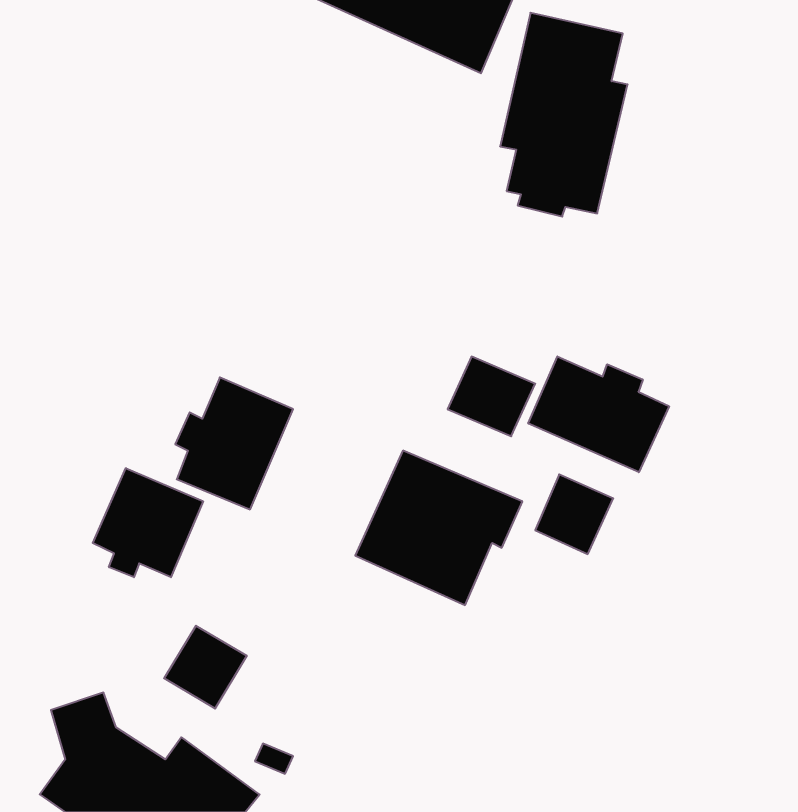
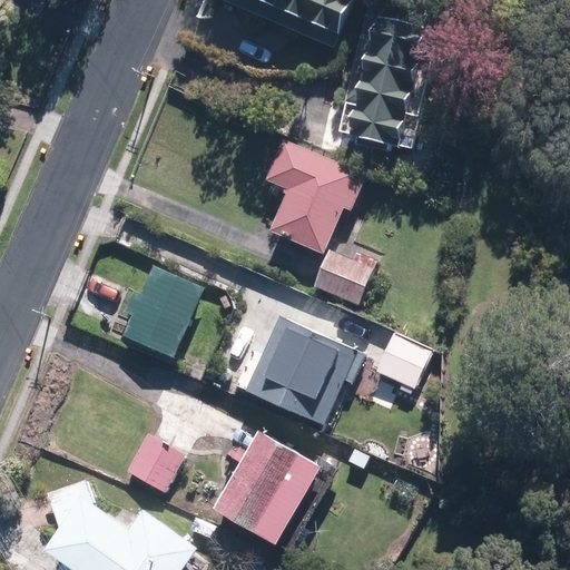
building: none -> [268,137,368,253]
building: [528,356,669,472] -> none
building: [93,468,203,577] -> none
building: none -> [198,440,302,550]

